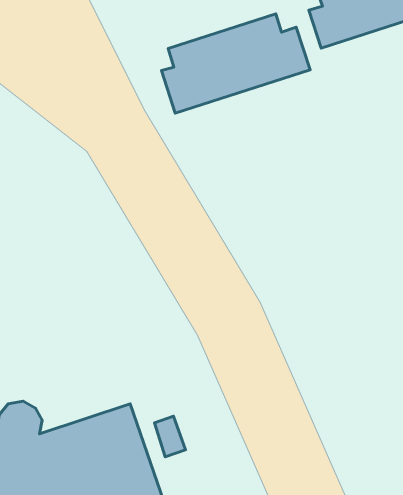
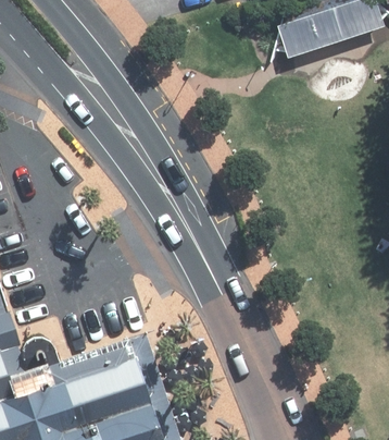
building: [161,14,310,113] -> none

